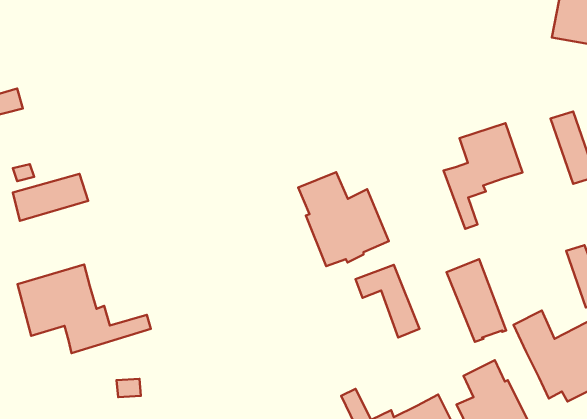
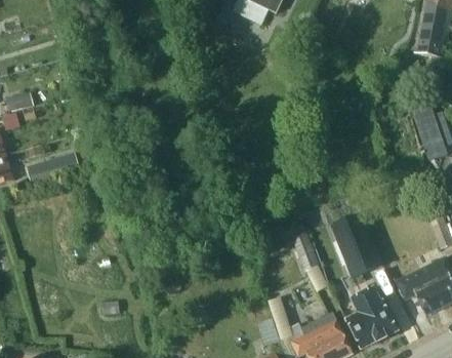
building: [444,123,522,229] -> none
building: [298,172,389,266] -> none
building: [17,265,151,353] -> none

